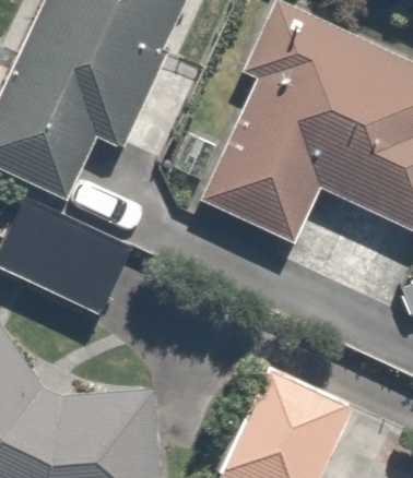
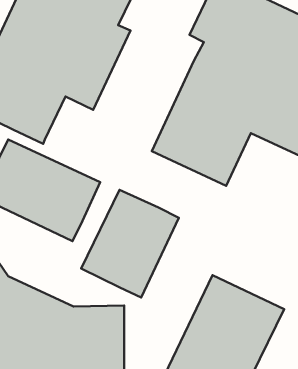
building: none -> [81,190,179,298]

